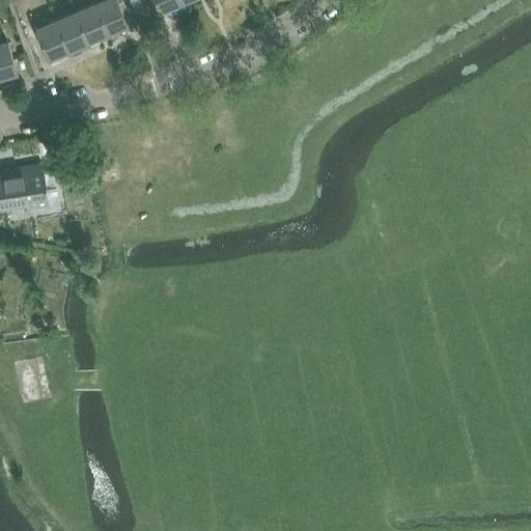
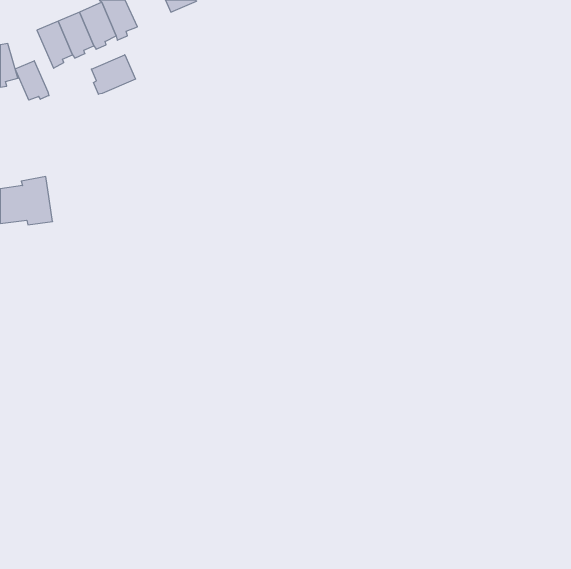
building: none -> [91,55,136,94]
building: none -> [15,61,49,100]

